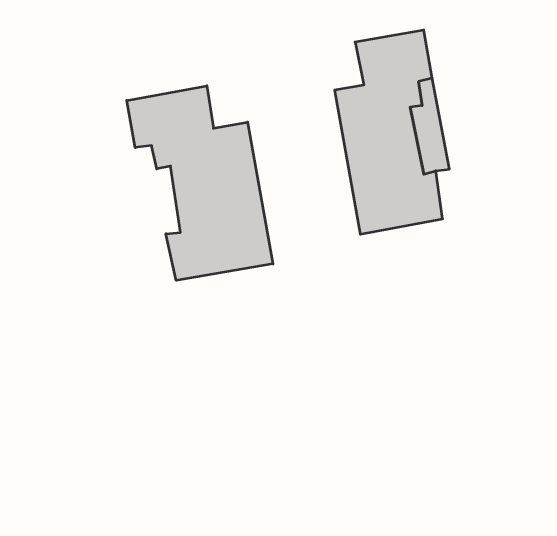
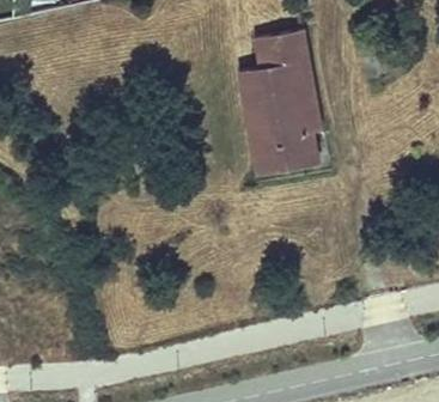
building: [127,86,273,280] -> none

